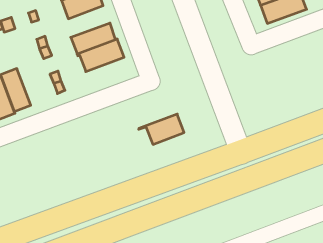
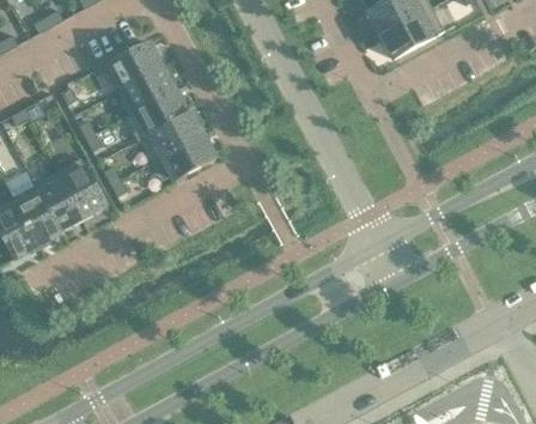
building: none -> [117,66,176,116]
building: none -> [56,157,106,218]
building: [139,114,184,144] -> [152,133,215,180]

